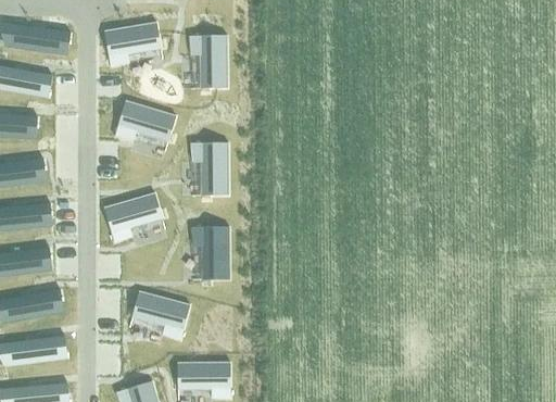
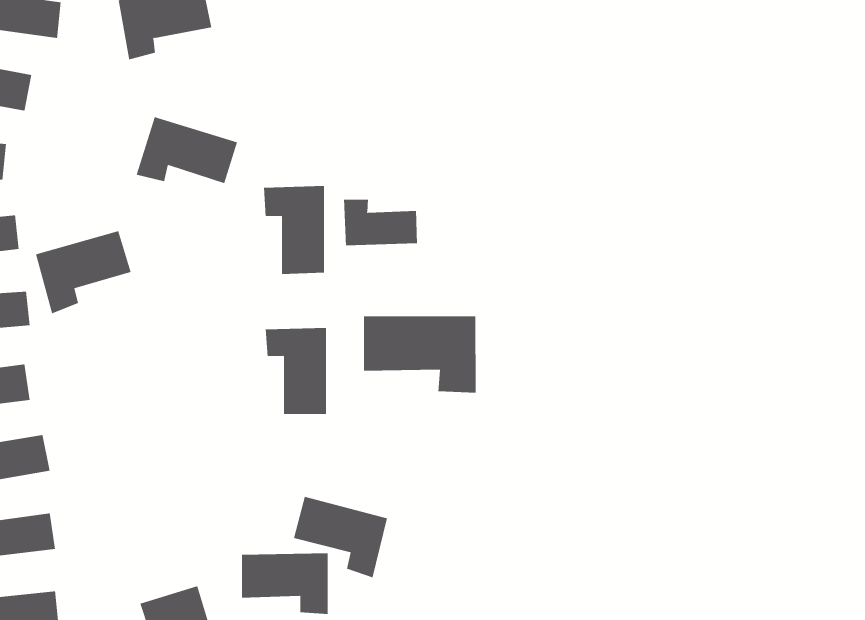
building: [188,35,226,87] -> none
building: none -> [344,199,418,246]
building: [104,192,162,242] -> [35,230,131,314]
building: none -> [363,316,476,394]
building: [131,290,188,339] -> [293,496,388,578]

